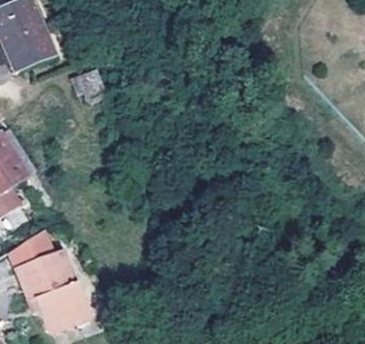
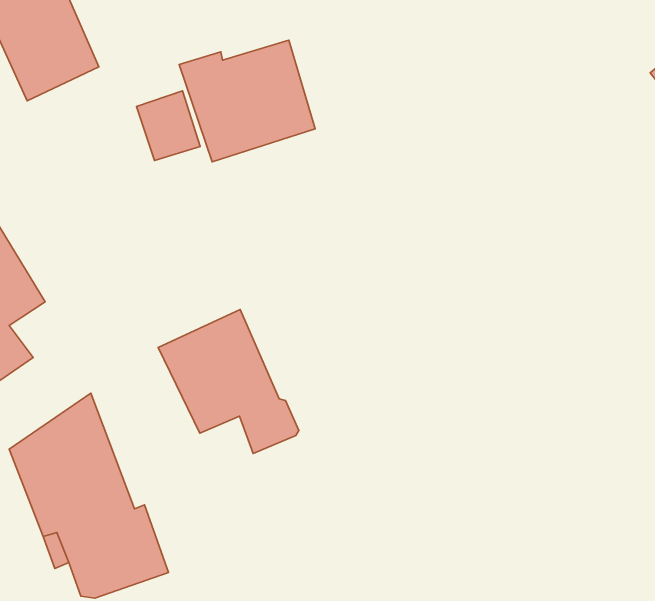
building: none -> [179,40,315,162]
building: none -> [158,310,299,453]

